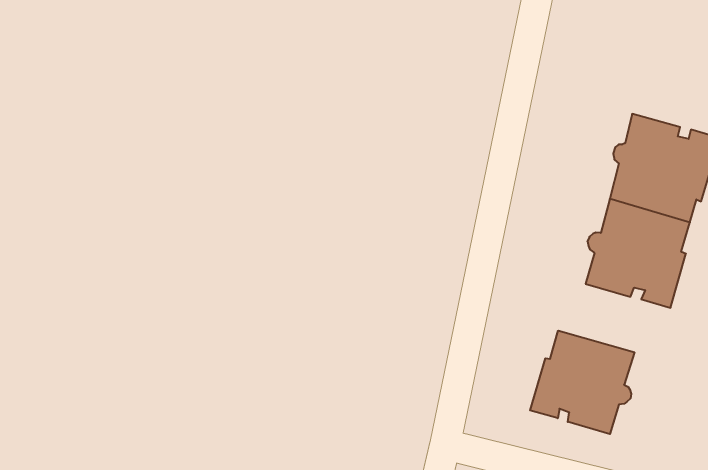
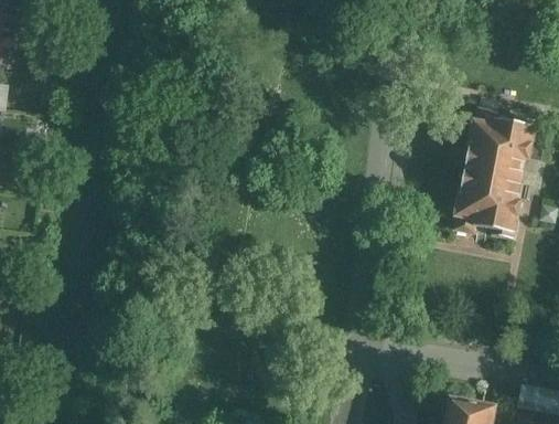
building: [530,331,634,434] -> none

